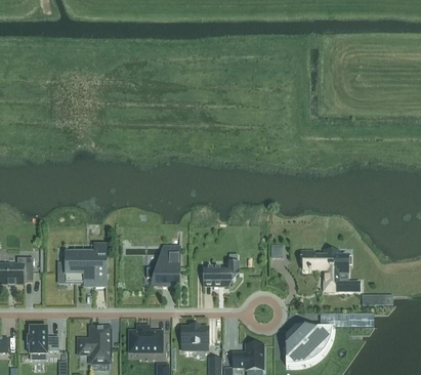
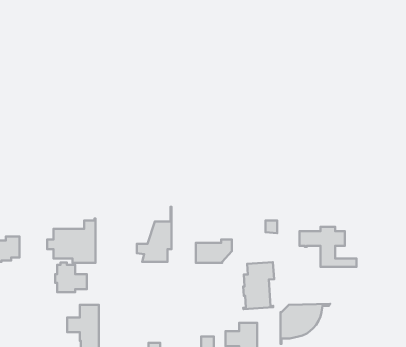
building: none -> [243,262,274,309]
building: [28,324,58,352] -> [55,263,87,292]
building: [130,324,161,349] -> none
building: [181,324,209,348] -> none

